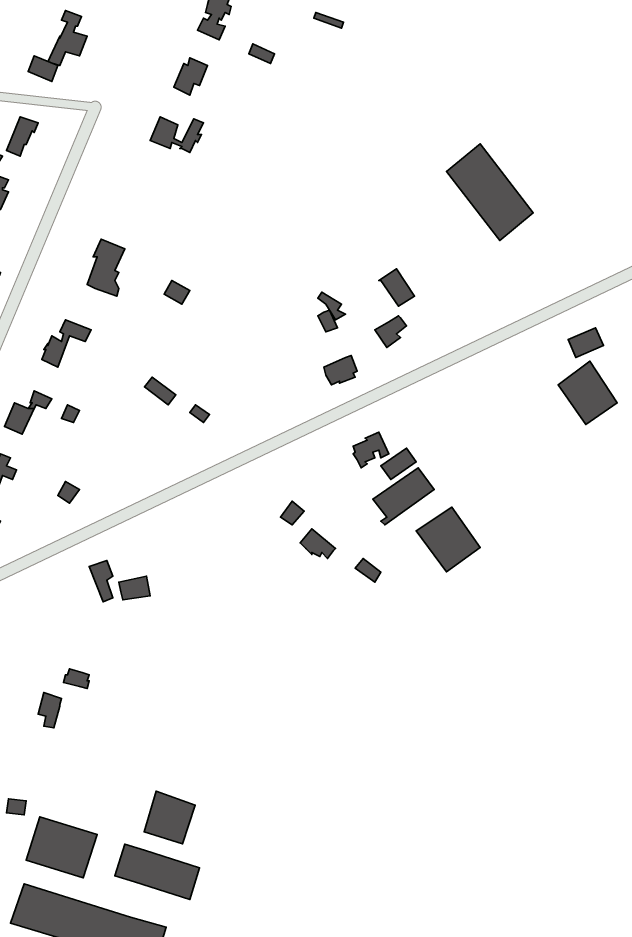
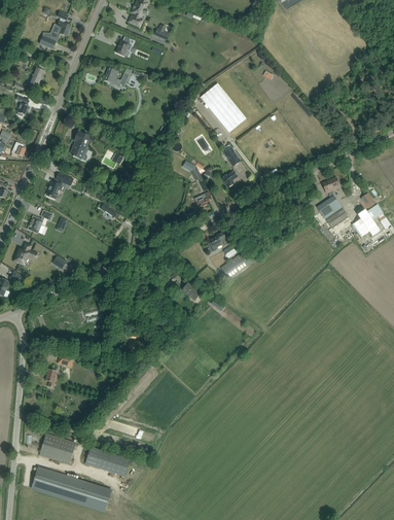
building: [447,144,533,240] -> [201,82,246,133]
building: [416,507,480,572] -> none
building: [144,791,195,844] -> none

